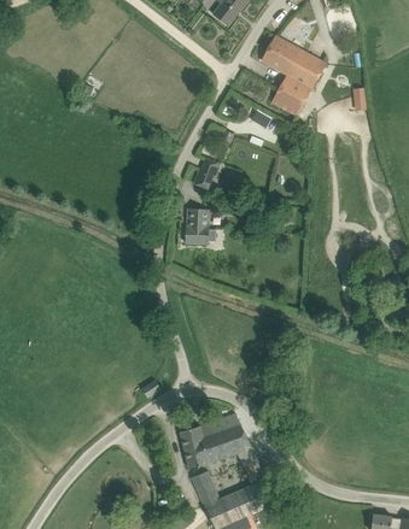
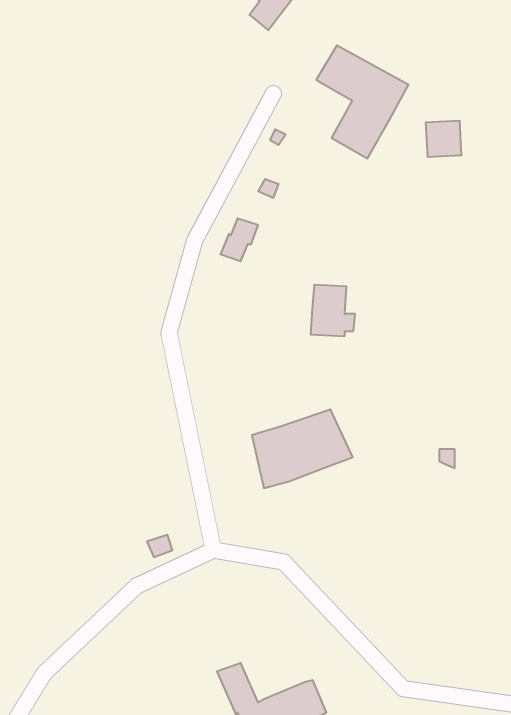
building: [185,208,216,245] -> [311,285,355,336]
building: [180,413,251,469] -> [252,409,353,488]

